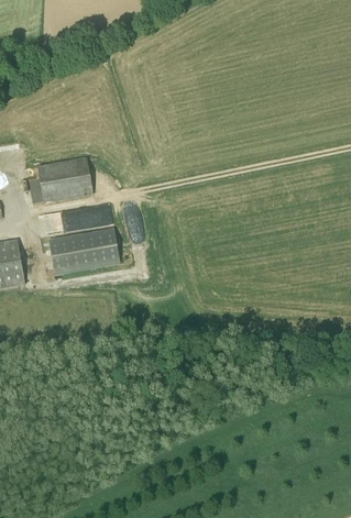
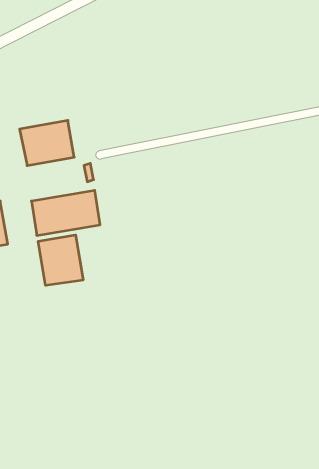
building: none -> [38,235,83,285]

